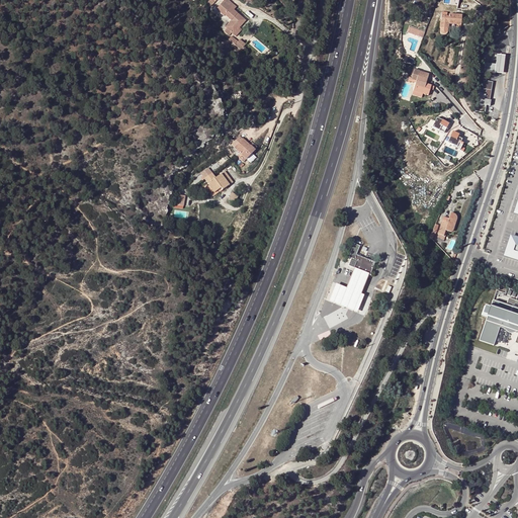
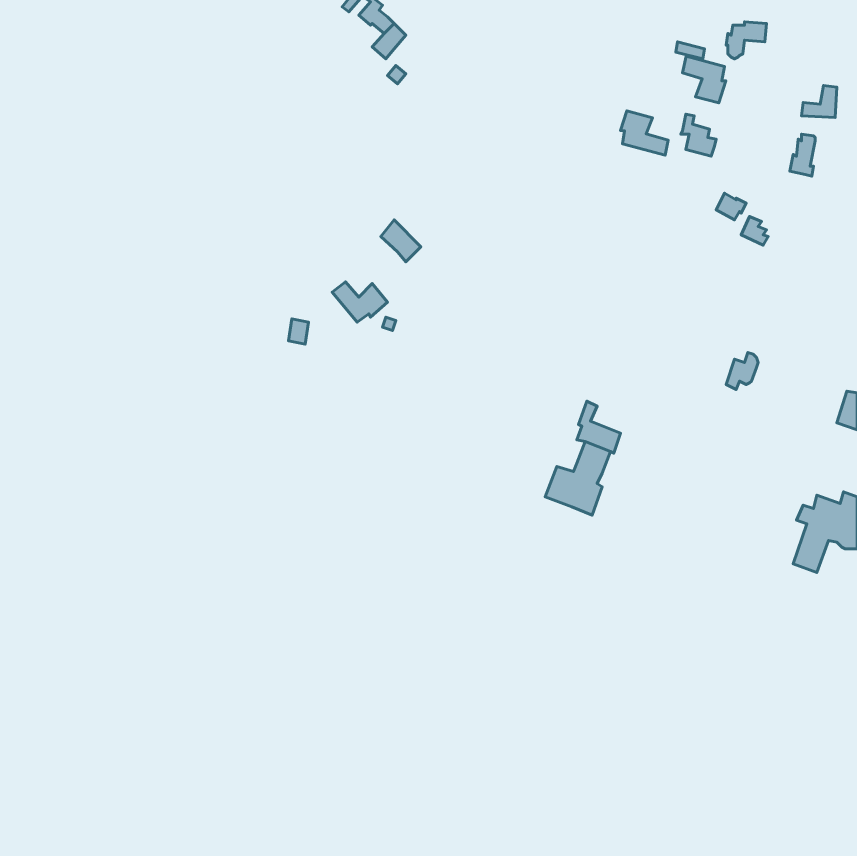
building: none -> [683,56,726,103]
building: none -> [621,111,668,155]

